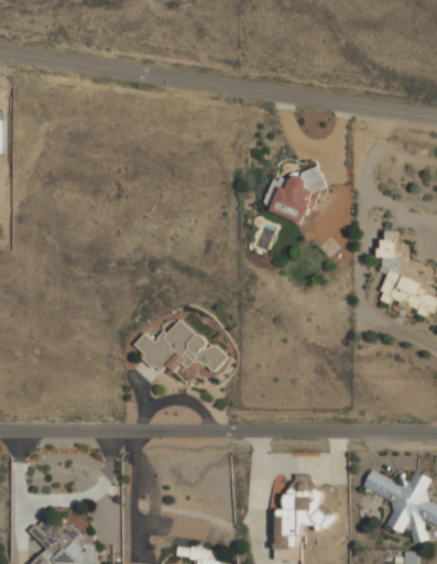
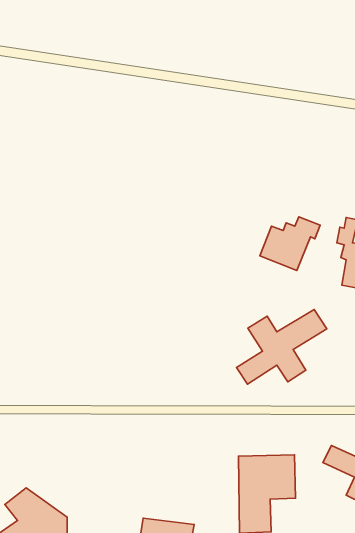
building: [264,169,327,225] -> [260,217,320,270]
building: [134,321,228,376] -> none
building: none -> [236,309,327,384]

